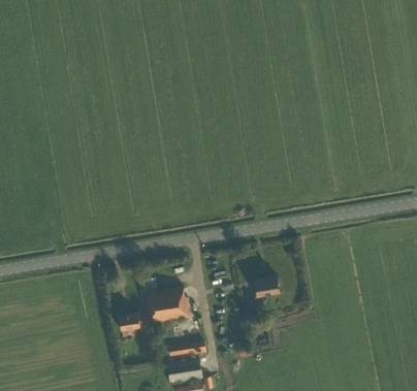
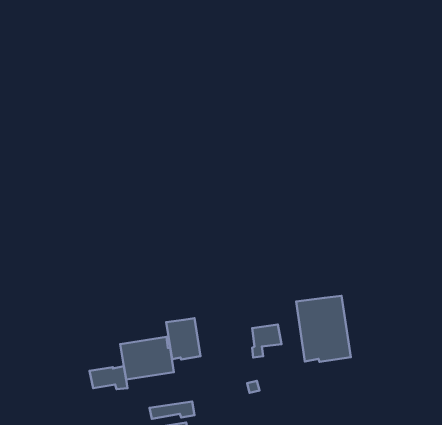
building: none -> [296,296,351,362]
building: none -> [166,318,201,359]

